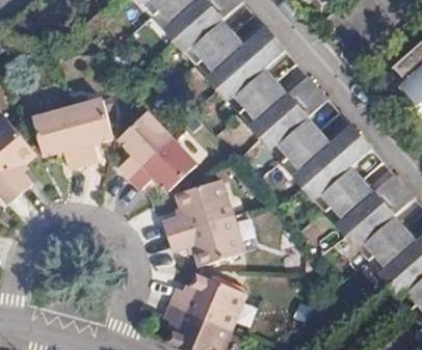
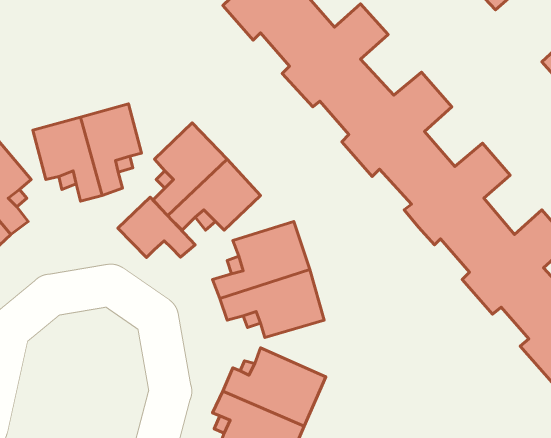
building: none -> [118,197,195,258]

